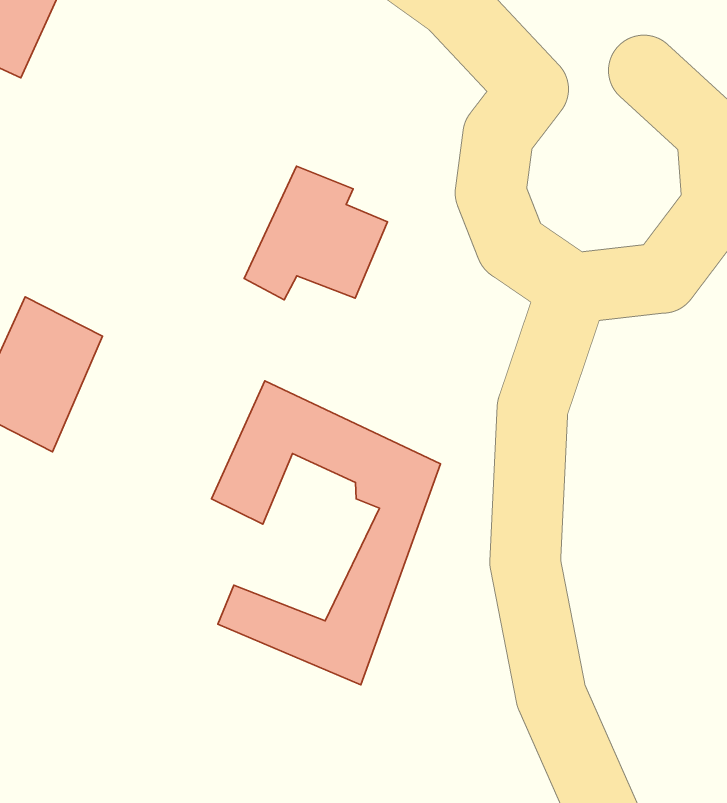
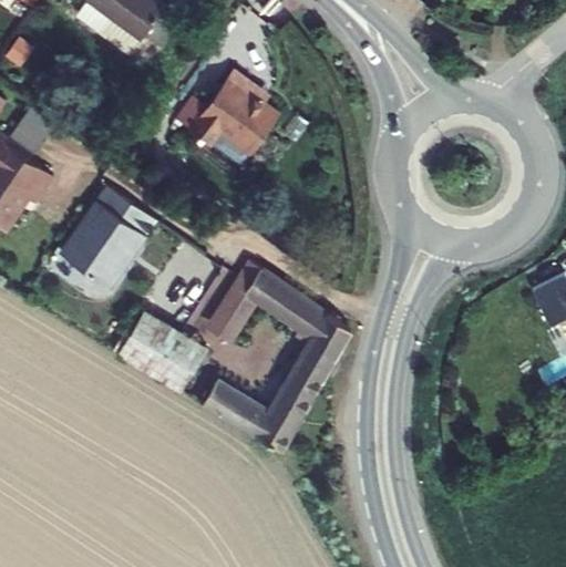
building: [244,166,387,300] -> [182,54,274,140]
building: none -> [113,310,198,392]

